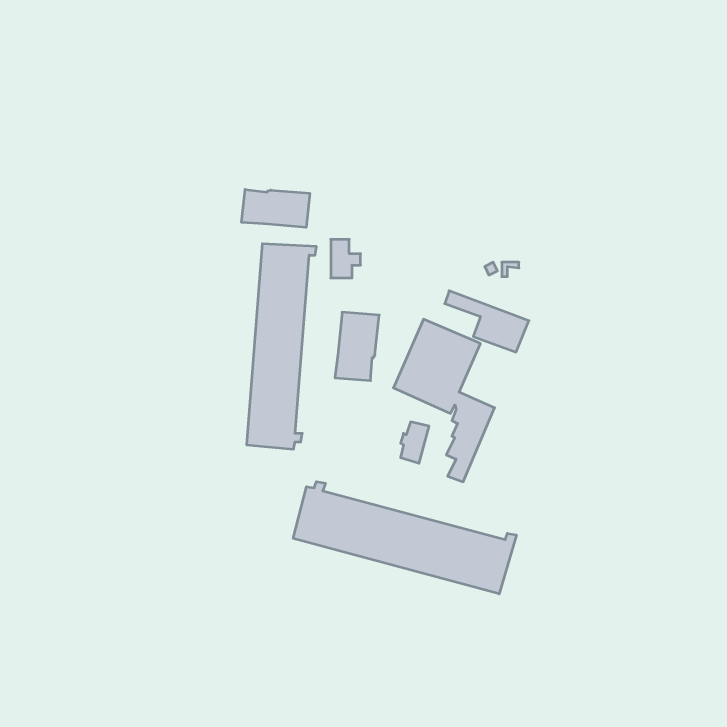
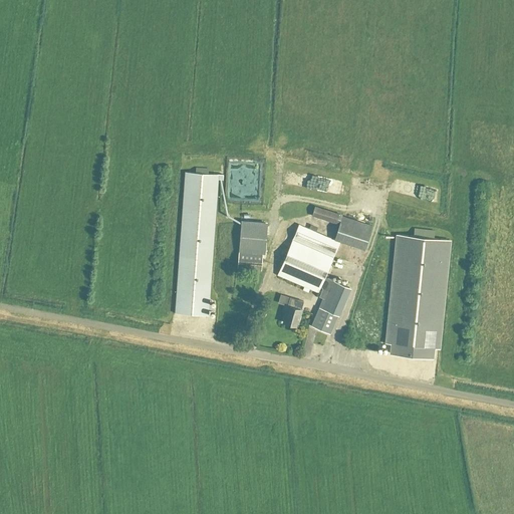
building: [242,189,310,227] -> none
building: none -> [387,236,449,358]
building: [293,482,516,594] -> none

